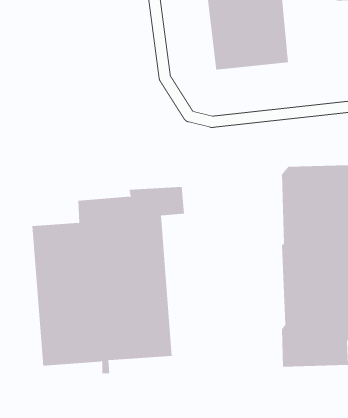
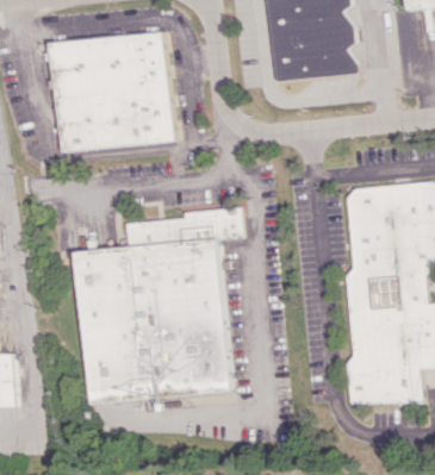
building: none -> [51,33,173,151]

